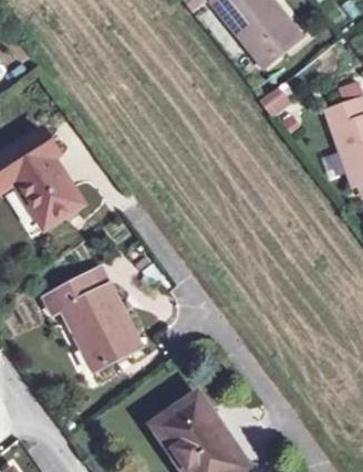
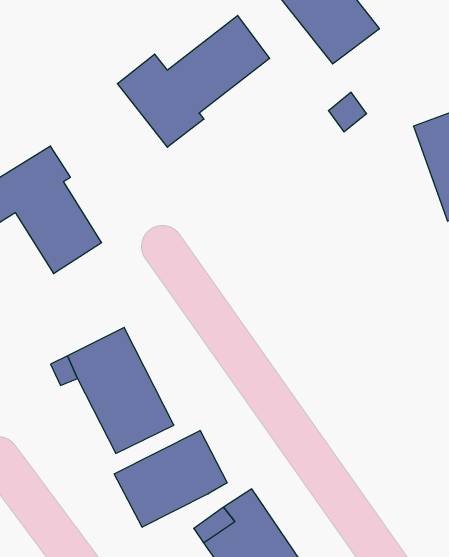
building: none -> [117,15,270,147]
building: none -> [114,430,227,527]

